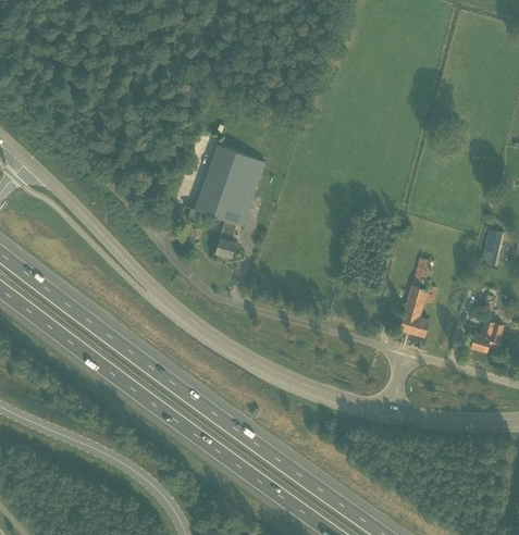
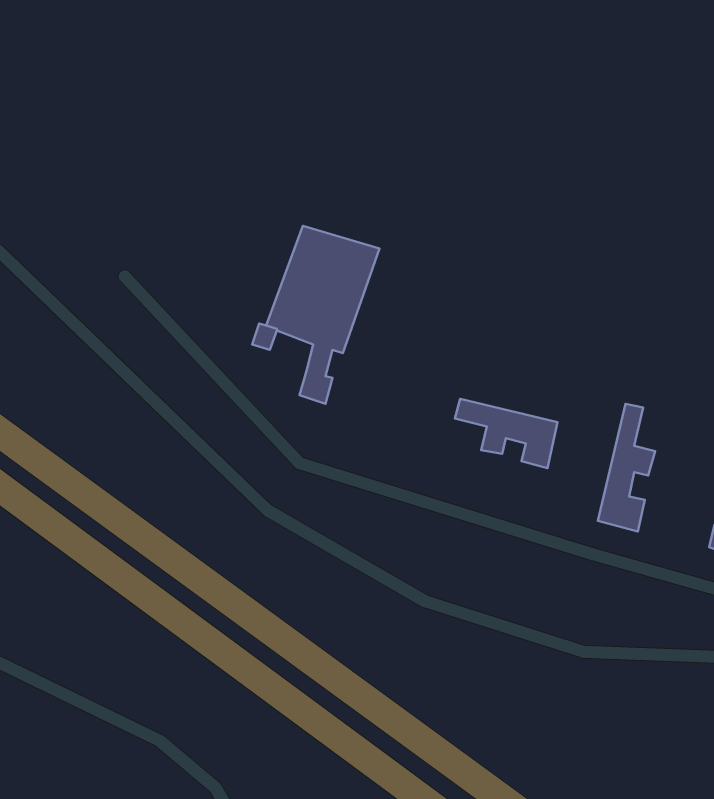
building: none -> [455,399,558,468]

